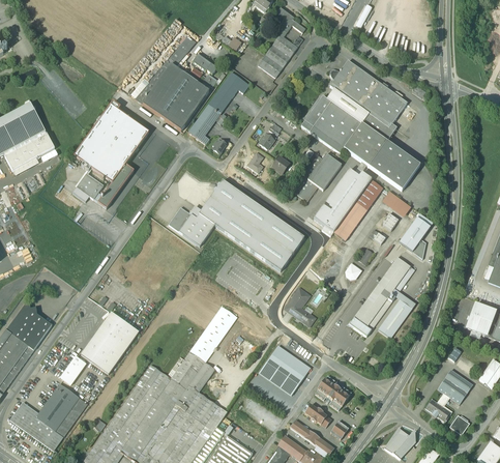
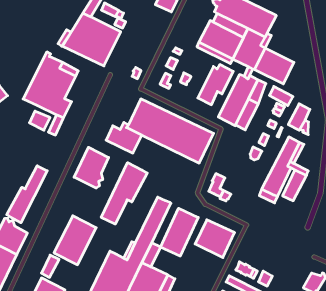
building: [188,70,249,144] -> none
building: none -> [74,147,109,188]
building: none -> [7,166,47,223]
building: none -> [101,163,147,224]
building: none -> [161,208,198,256]
building: [315,375,351,409] -> none

